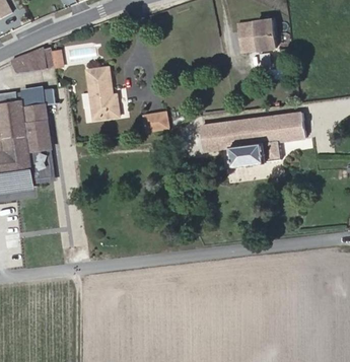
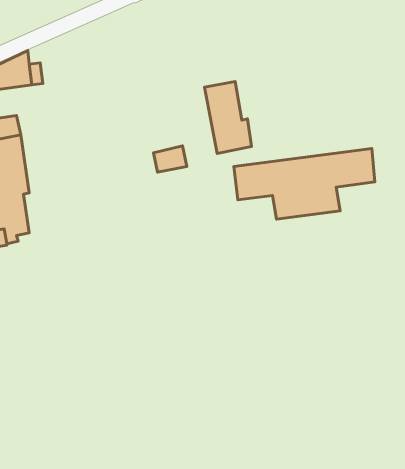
building: [233,21,273,54] -> none
building: [81,68,116,121] -> [205,82,252,153]

